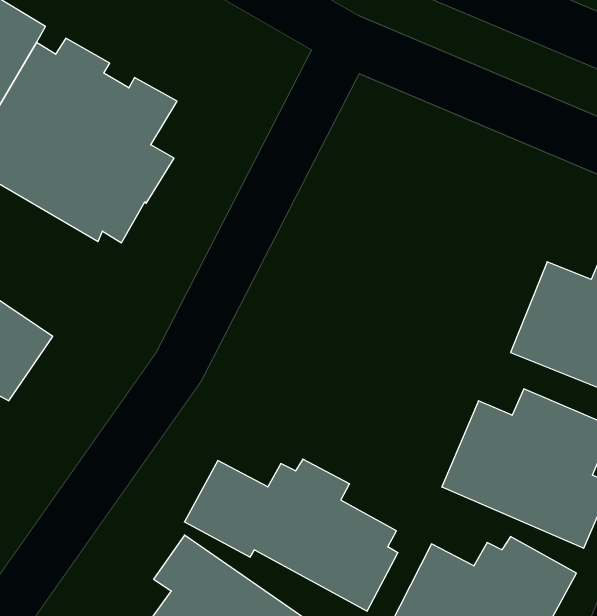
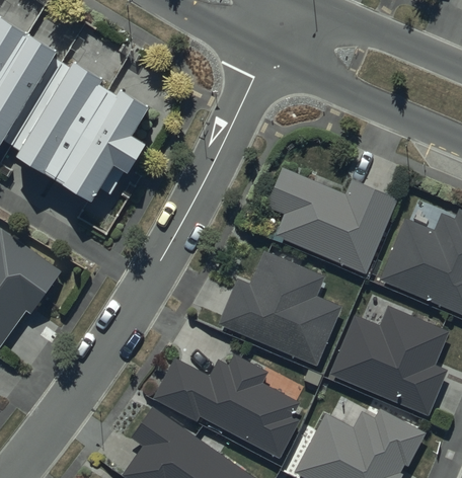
building: none -> [256,166,398,273]
building: none -> [219,250,340,366]

